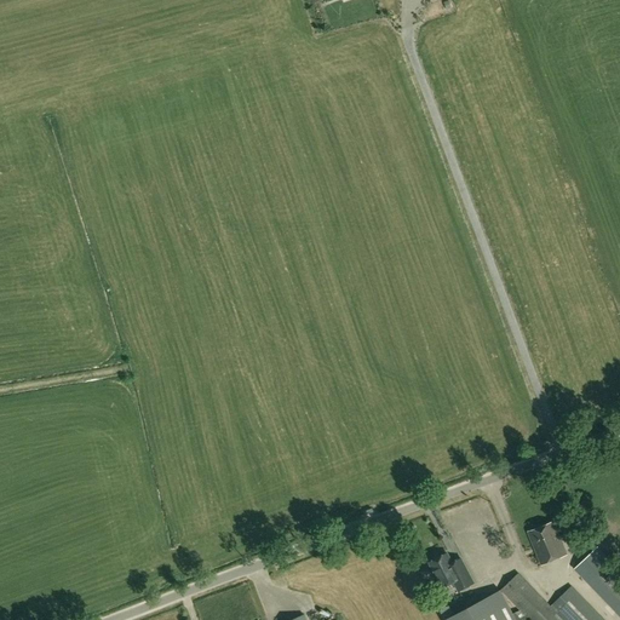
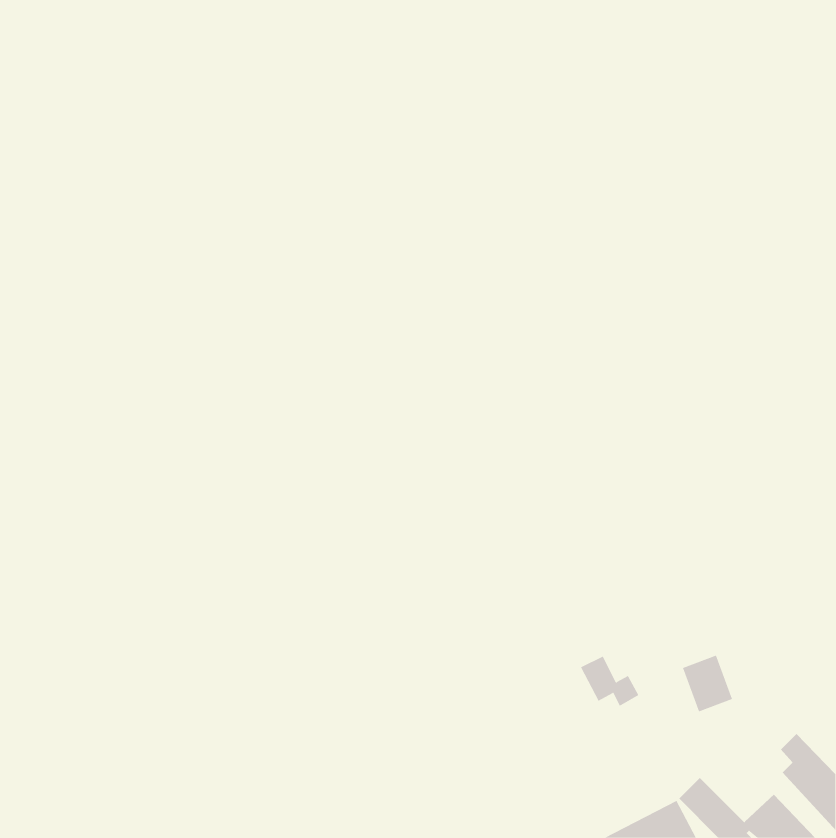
building: [528,522,566,564] -> [682,655,733,712]
building: [429,553,472,591] -> [580,656,639,707]

